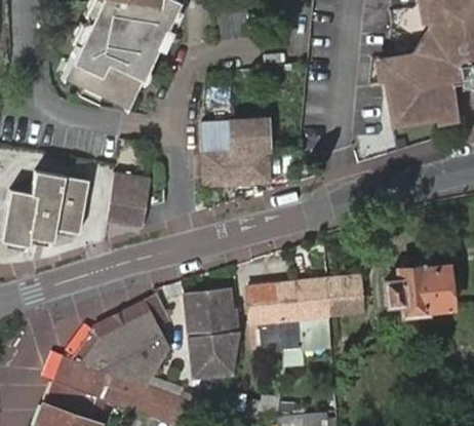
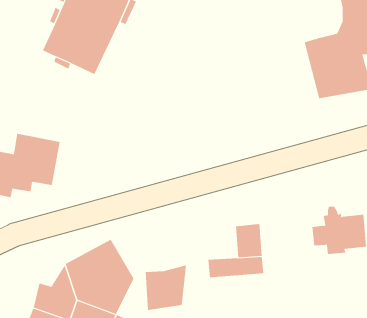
building: [198,120,269,186] -> none
building: [110,171,154,227] -> none
building: [325,276,365,317] -> none
building: [249,281,299,322] -> none
building: [185,291,238,336] -> none

